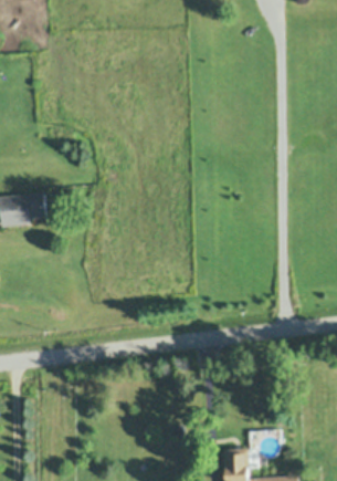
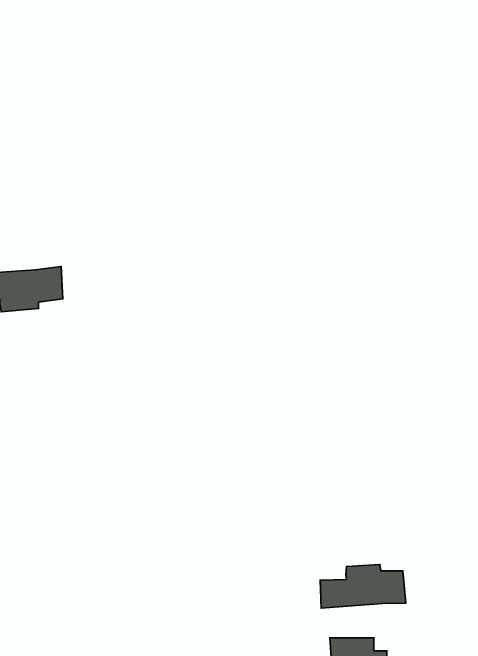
building: none -> [320,564,406,608]

